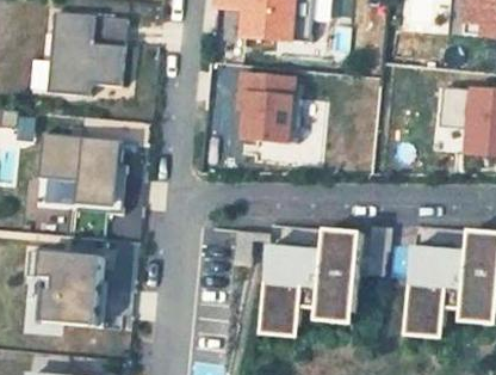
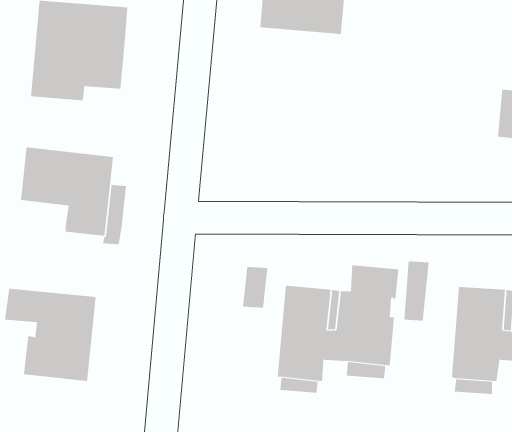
building: [240,72,299,141] -> none

